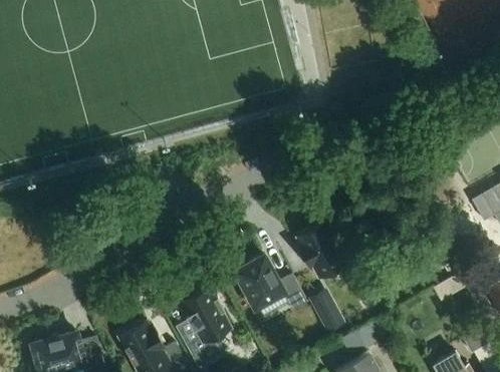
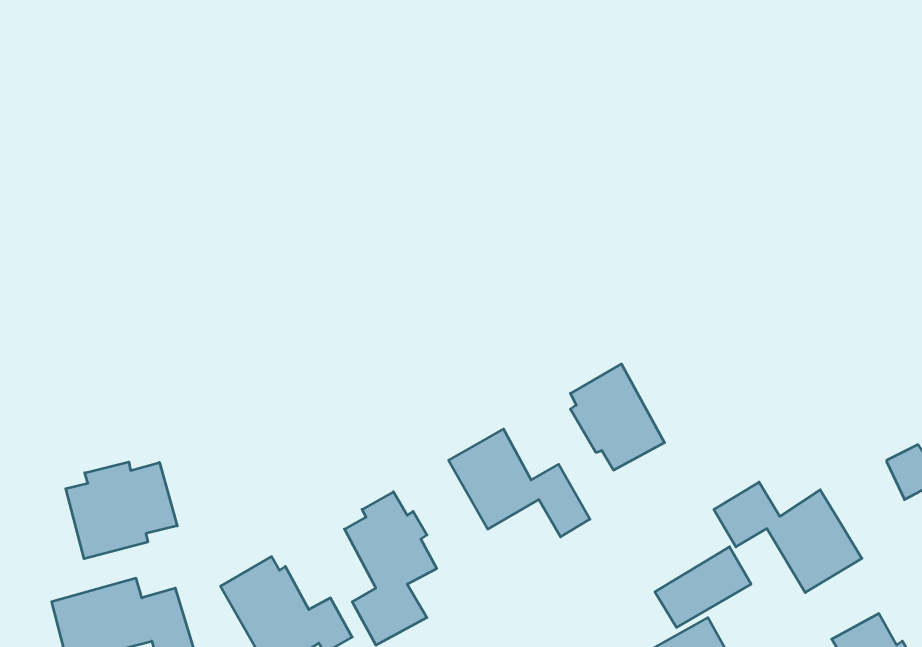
building: none -> [66,462,177,559]
building: none -> [714,482,862,593]
building: [309,291,345,334] -> none

